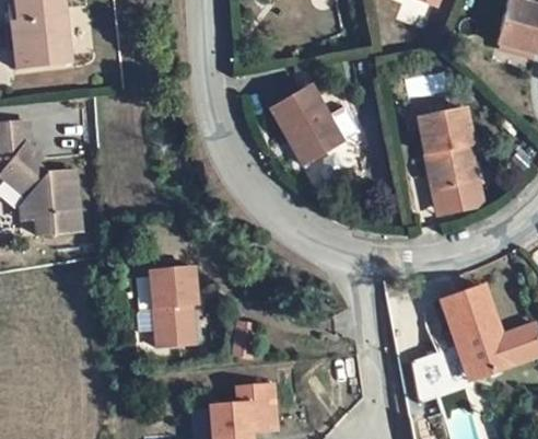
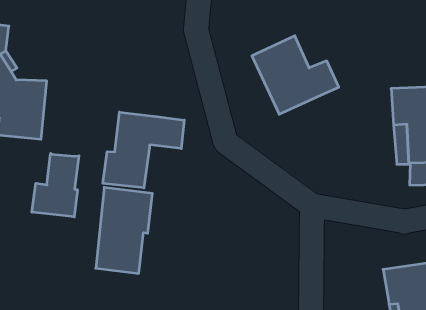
building: none -> [103,112,184,188]
building: none -> [32,153,79,217]

